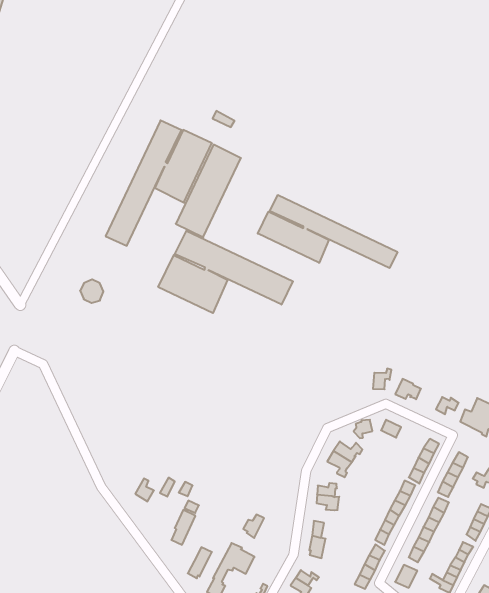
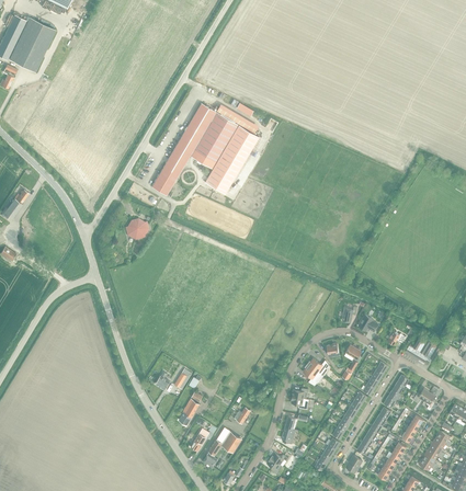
building: [258,195,397,268] -> none
building: [158,231,293,313] -> none

